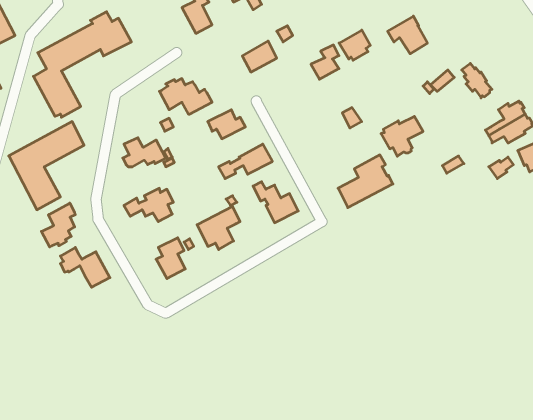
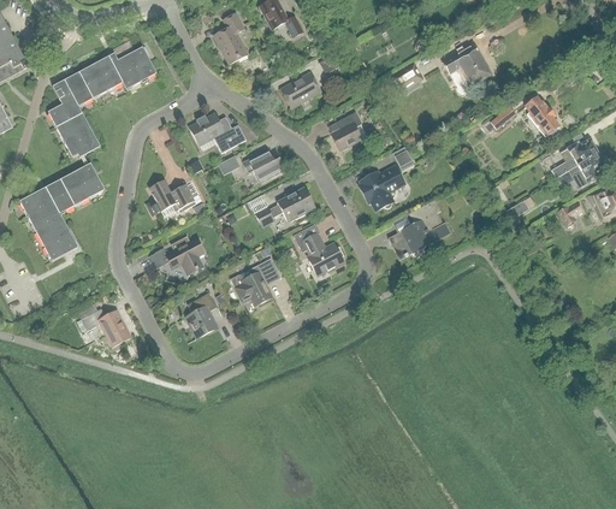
building: [311,45,339,79] -> [330,111,361,149]
building: [381,116,423,156] -> [357,165,404,209]
building: [41,203,75,247] -> none

